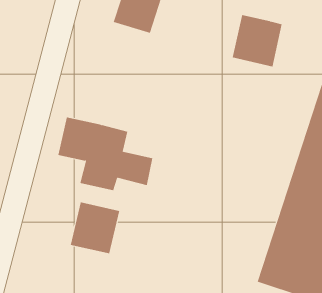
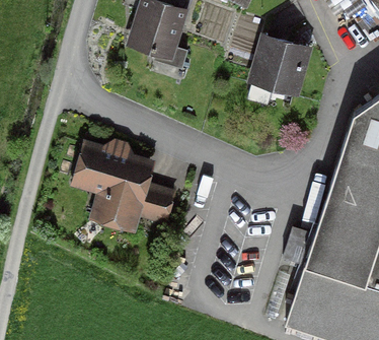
building: [70,202,120,254] -> none

